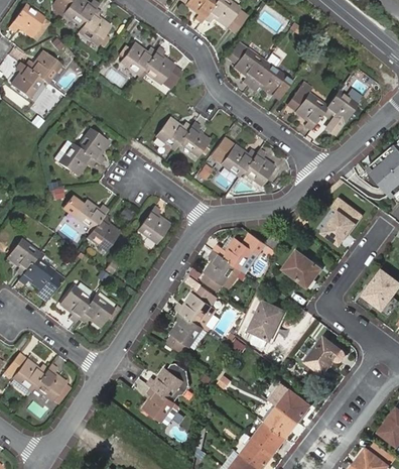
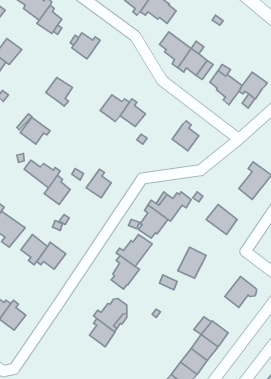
building: [142,48,180,89] -> none
building: [77,130,109,164] -> [46,78,73,106]
building: [211,136,255,177] -> none

